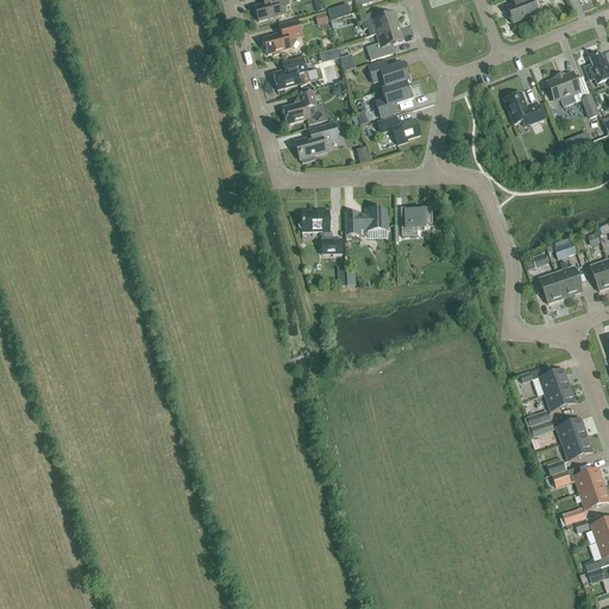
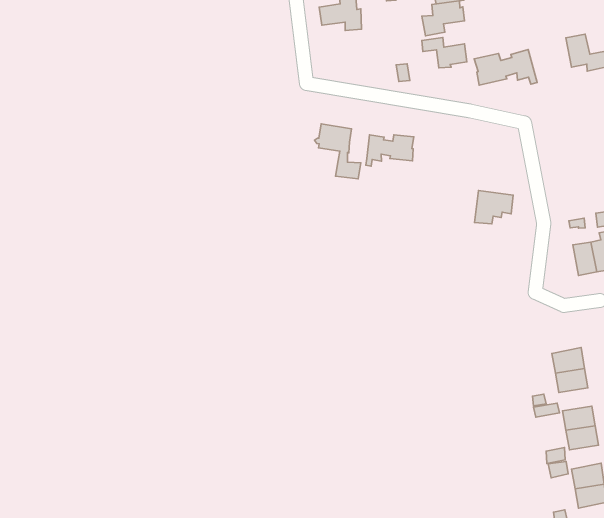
building: none -> [474,50,537,85]
building: [296,121,338,162] -> none
building: [400,206,432,236] -> [475,191,513,224]

